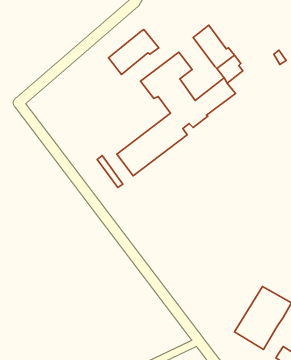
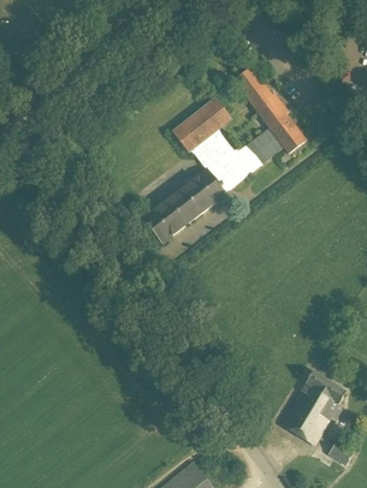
building: [109,29,159,75] -> none
building: none -> [273,119,307,153]

